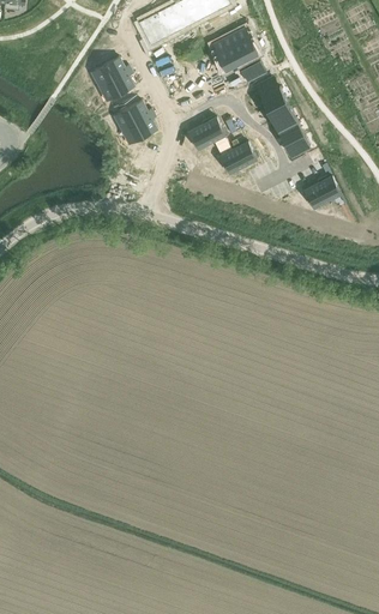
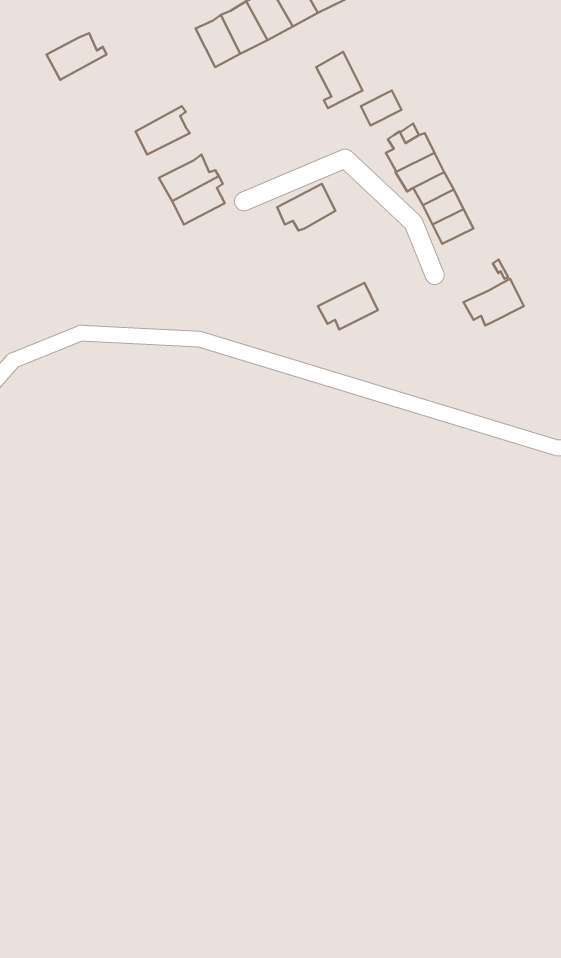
building: [228,29,261,61] -> none
building: [91,58,128,86] -> [46,33,107,80]
building: [218,143,255,171] -> [318,283,378,330]

